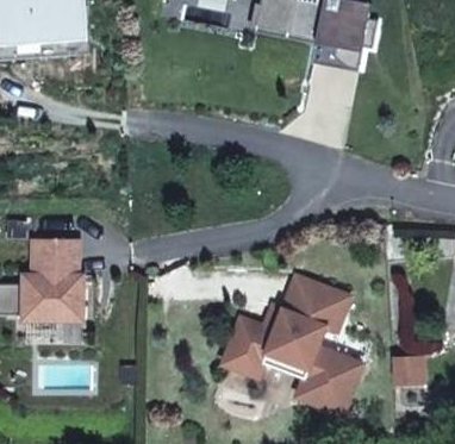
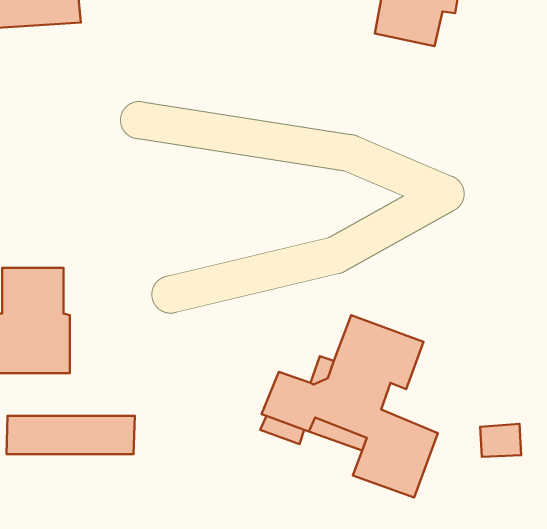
building: none -> [6,416,135,454]

